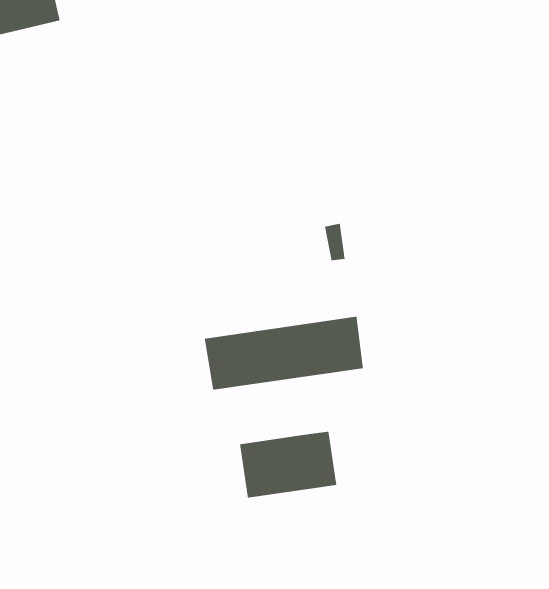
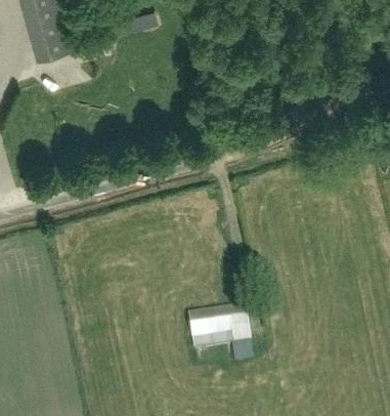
building: [204,316,364,390] -> none

